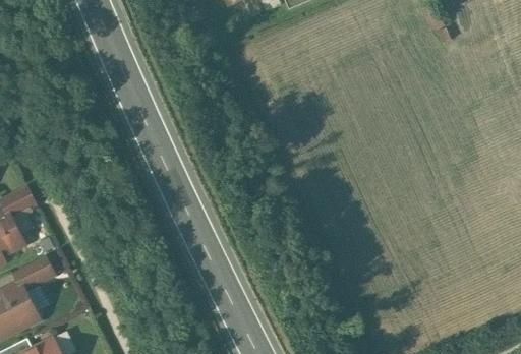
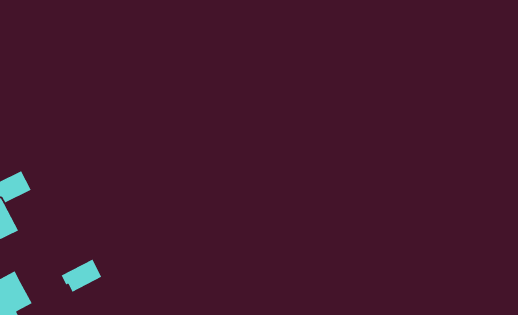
building: [13,256,54,290] -> [61,258,102,293]

